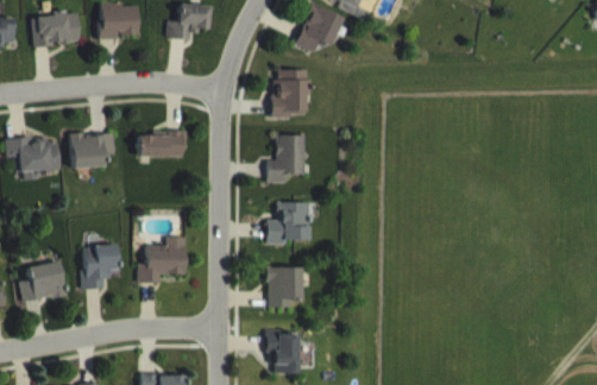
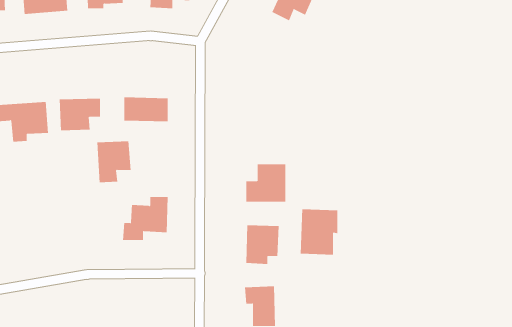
building: [272,69,308,116] -> none
building: [266,135,304,183] -> none
building: [81,245,118,289] -> [97,141,132,183]
building: none -> [300,209,338,255]
building: [18,260,64,302] -> none

